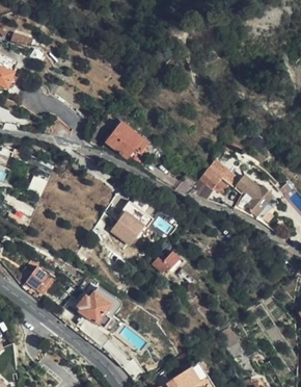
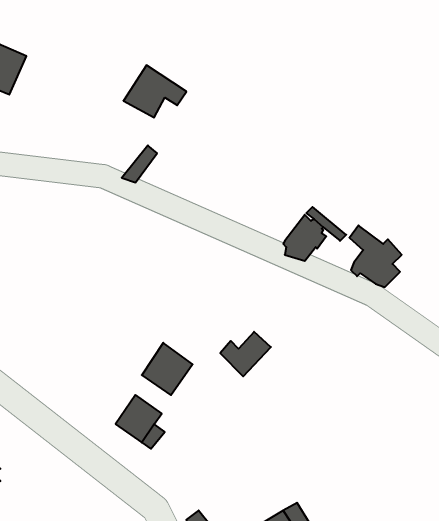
building: [104,126,146,161] -> [123,65,186,118]
building: [111,209,145,244] -> [142,343,193,395]
building: [26,265,55,293] -> none

